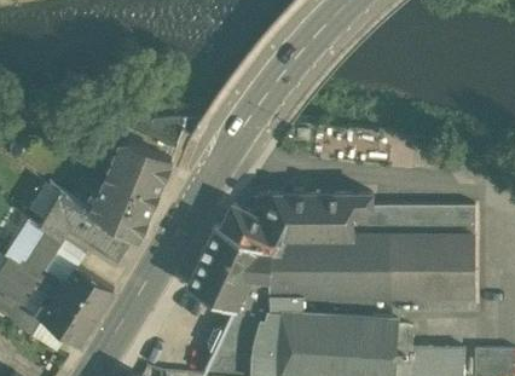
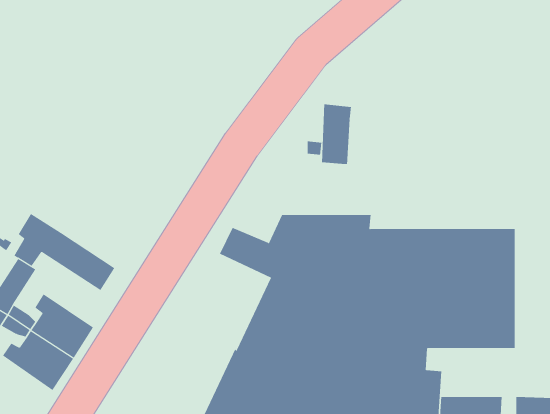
building: none -> [321,104,352,165]
building: [85,141,170,243] -> none
building: [186,225,264,310] -> none

